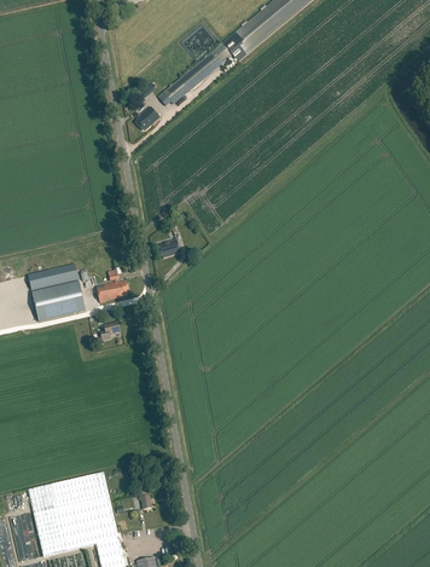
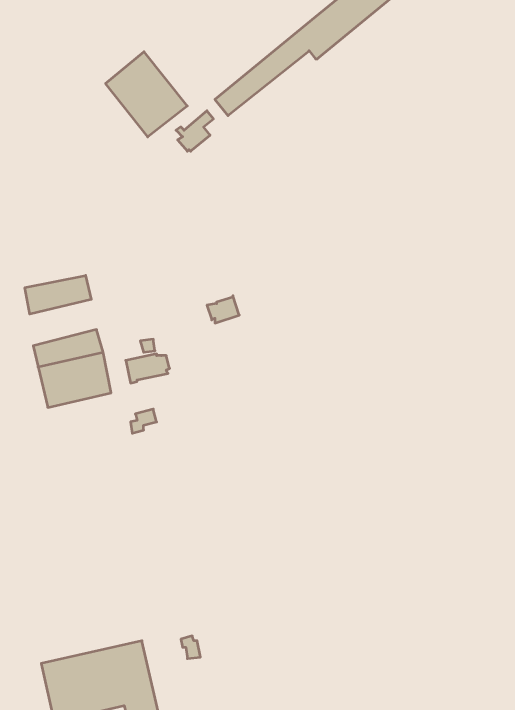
building: none -> [106,52,187,137]
building: none -> [25,275,91,314]
building: [27,471,107,511] -> none

